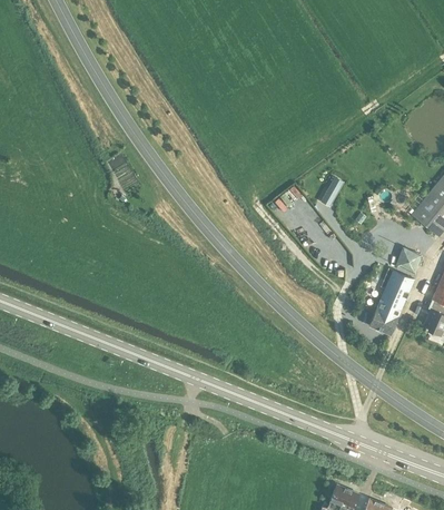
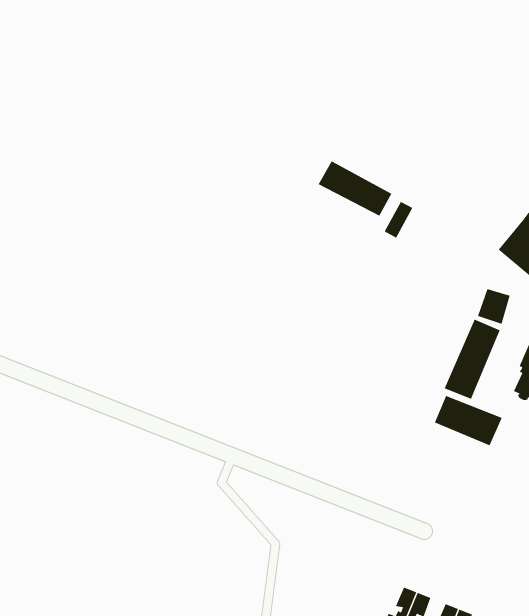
building: none -> [318,161,392,217]
building: none -> [434,395,502,446]

